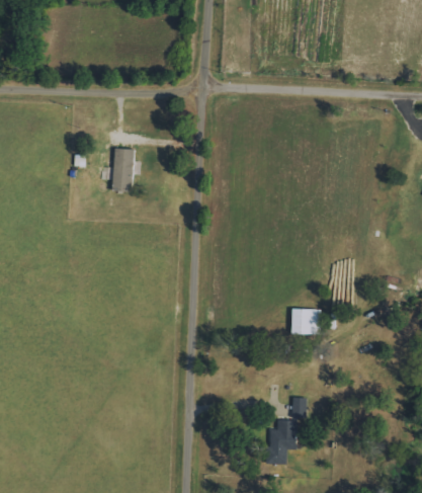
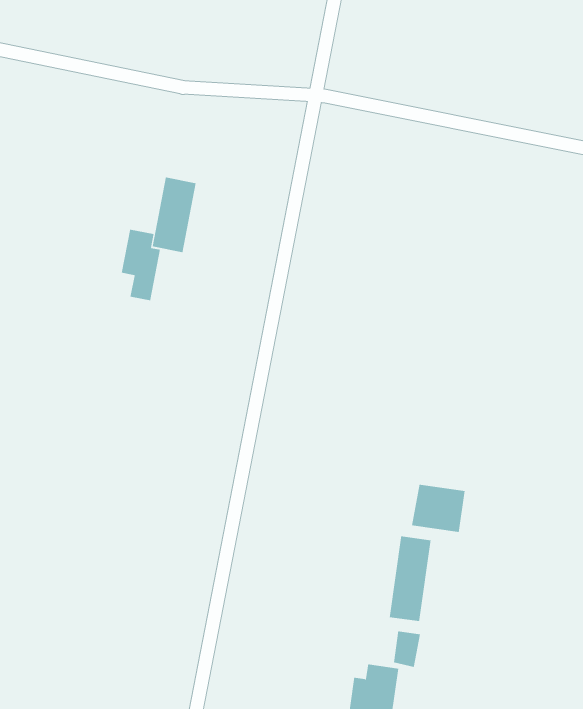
building: none -> [121,229,161,301]
building: none -> [389,536,431,622]

